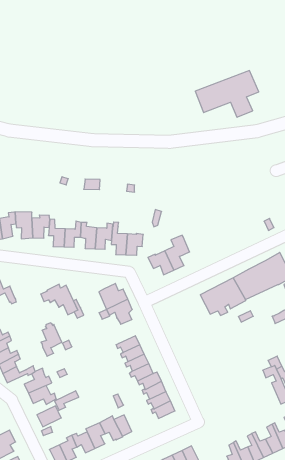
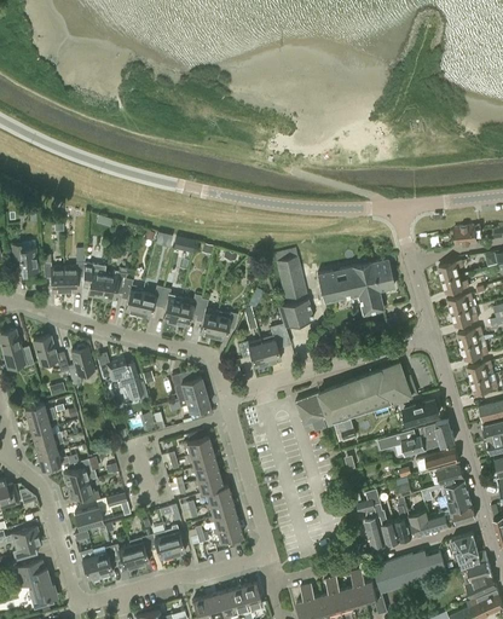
building: [195,71,259,117] -> [317,260,394,314]
building: none -> [276,256,312,326]
building: [41,323,62,356] -> [68,346,93,386]

